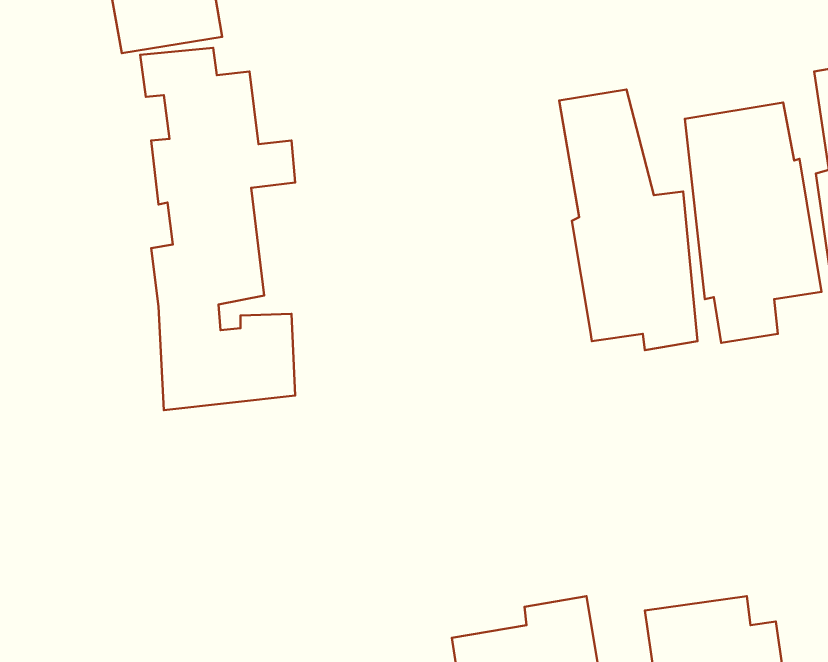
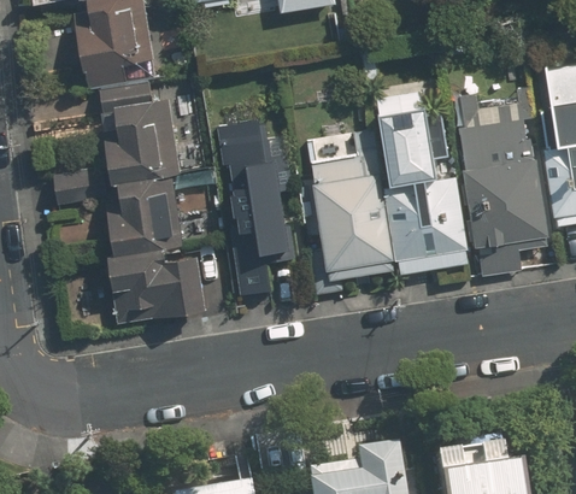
building: none -> [212,116,293,263]
building: none -> [305,133,395,278]

